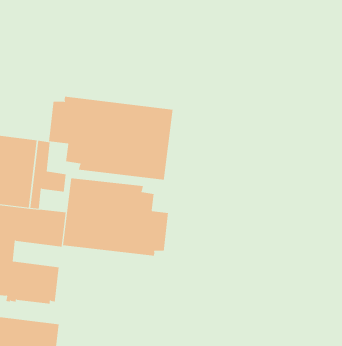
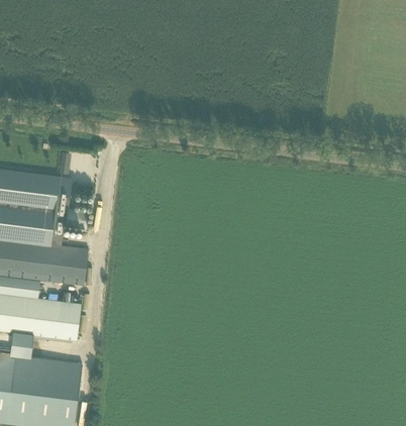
building: [48,96,173,180] -> none
building: [63,177,169,257] -> none

